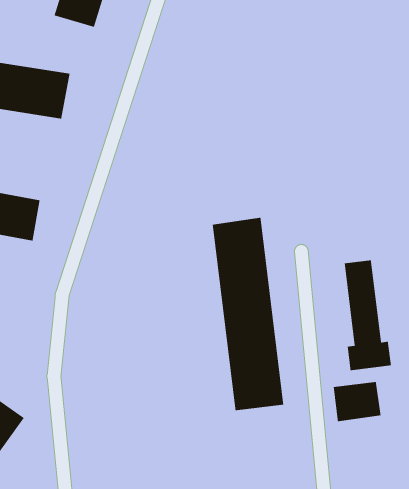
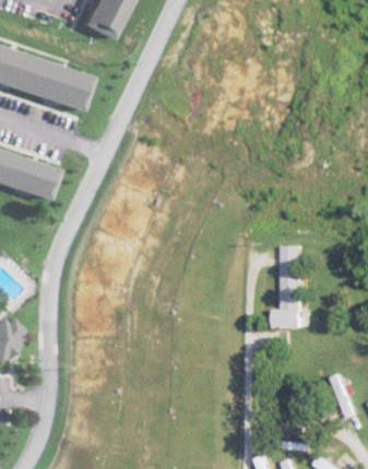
building: [212,217,284,411] -> none
building: [333,381,381,422] -> none

